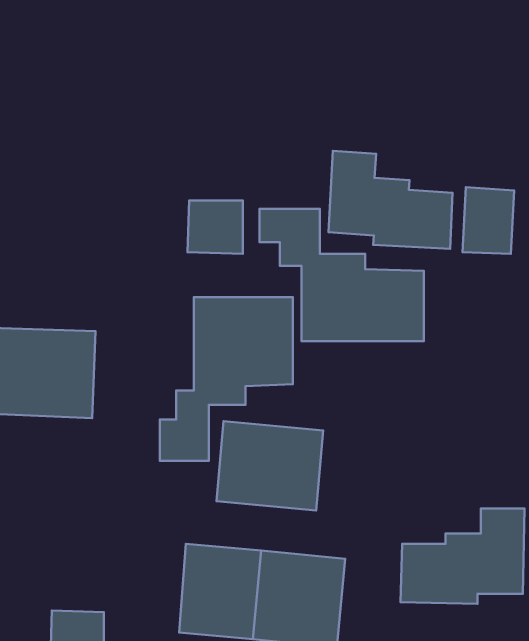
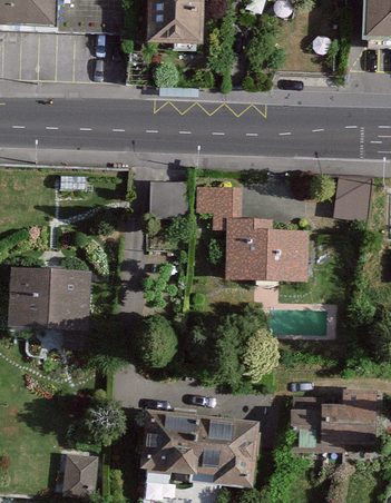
building: [329,151,452,249] -> none
building: [160,297,293,461] -> none
building: [217,421,323,510] -> none

